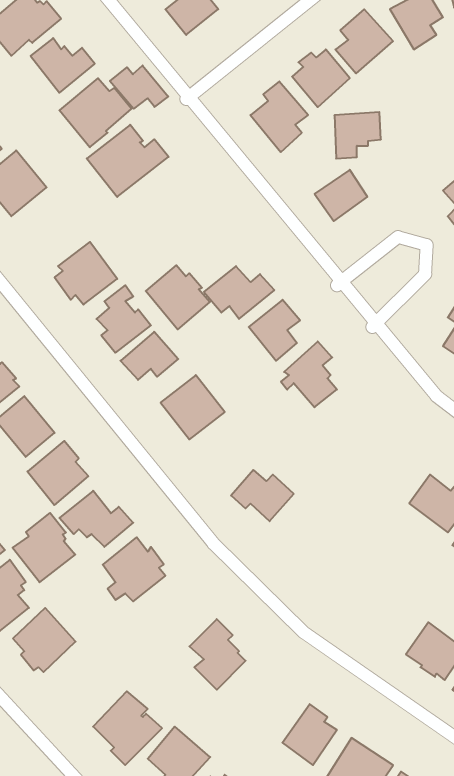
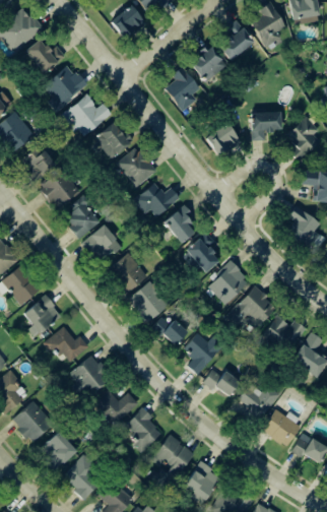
building: [110,65,168,109] -> none
building: [334,112,381,159] -> [251,112,280,141]
building: none -> [94,123,133,159]
building: none -> [22,143,55,175]
building: [146,265,210,329] -> [116,147,156,188]
building: none -> [207,260,250,305]
building: none -> [129,281,170,322]
building: none -> [232,285,275,329]
building: none -> [183,333,224,375]
building: [13,513,75,582] -> none
building: none -> [204,371,240,395]
building: none -> [239,386,280,431]
building: none -> [94,390,138,425]
building: none -> [45,433,76,464]
building: none -> [151,434,194,477]

